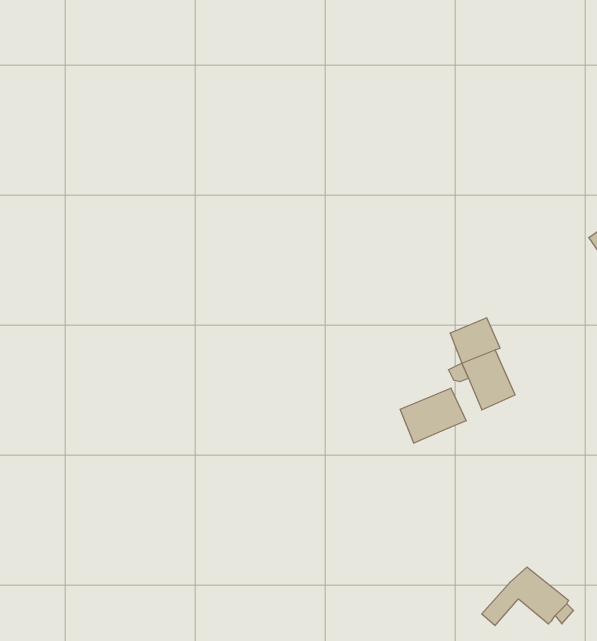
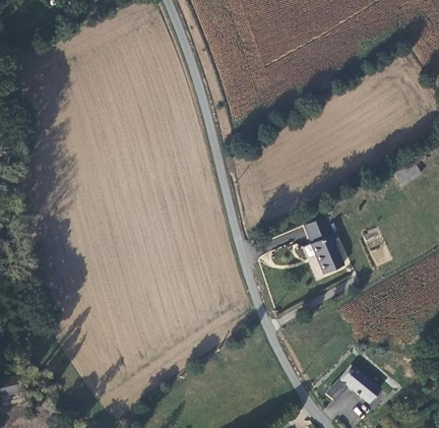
building: [400,388,466,443] -> none

